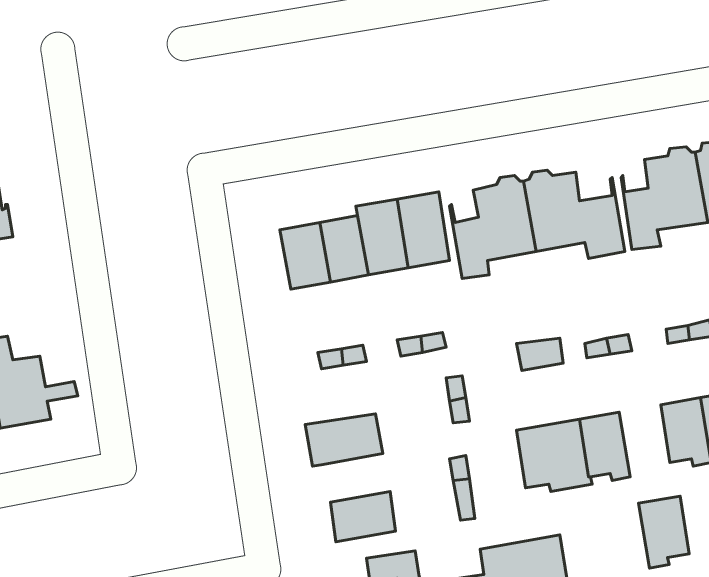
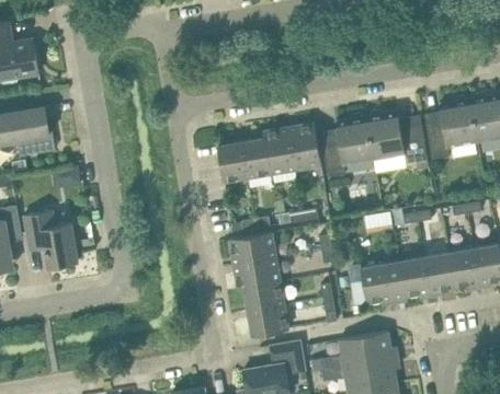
building: none -> [229,232,276,265]
building: none -> [245,282,285,312]
building: [639,496,689,568] -> [424,253,455,297]

